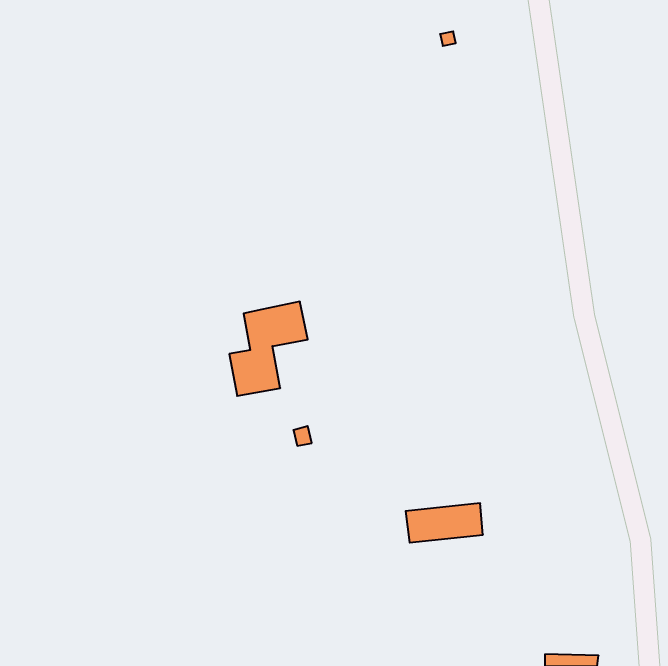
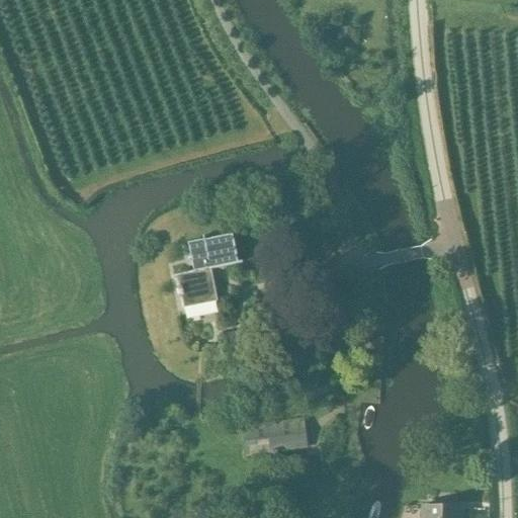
building: [406,503,483,543] -> [246,421,306,451]

